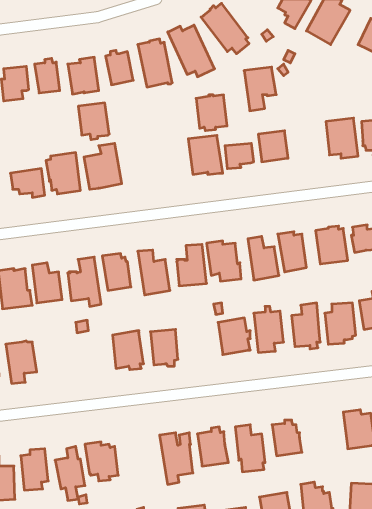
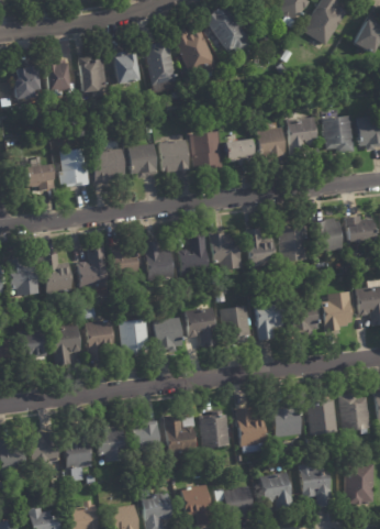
building: [244,67,276,111] -> [288,117,318,158]
building: [196,95,227,131] -> [160,140,190,174]
building: [78,103,109,140] -> [128,143,158,178]
building: none -> [186,307,219,348]
building: none -> [85,319,114,361]
building: none -> [52,324,81,365]
building: none -> [309,401,337,436]
building: none -> [130,419,159,454]

